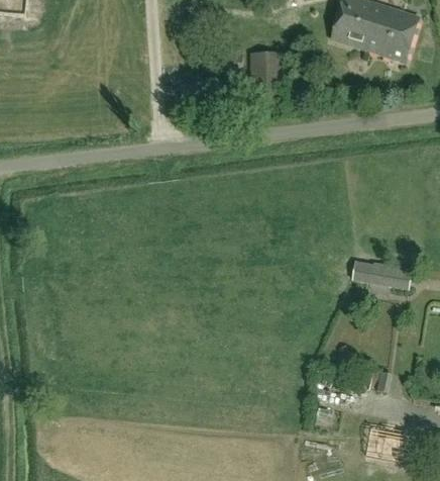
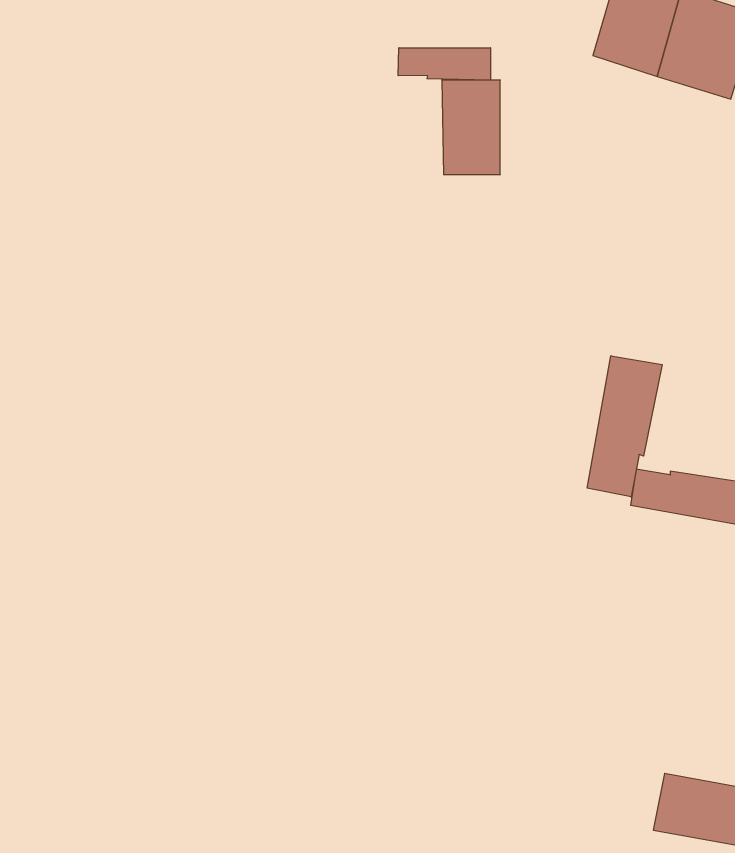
building: none -> [398,48,491,80]
building: none -> [587,356,662,497]

